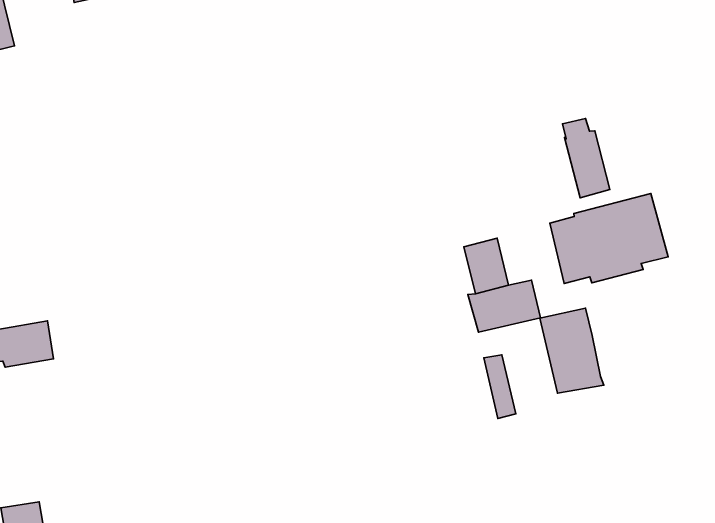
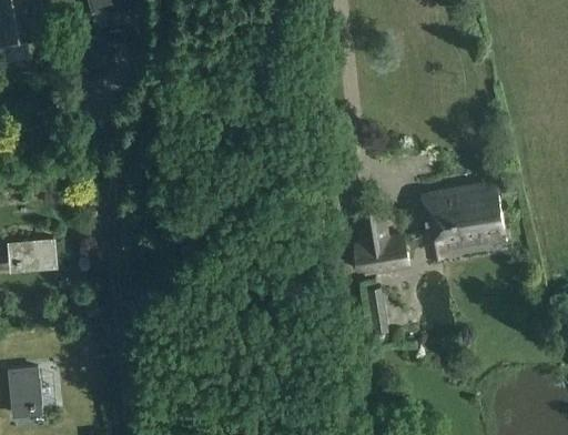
building: [563,119,610,198] -> none
building: [540,308,604,393] -> none

